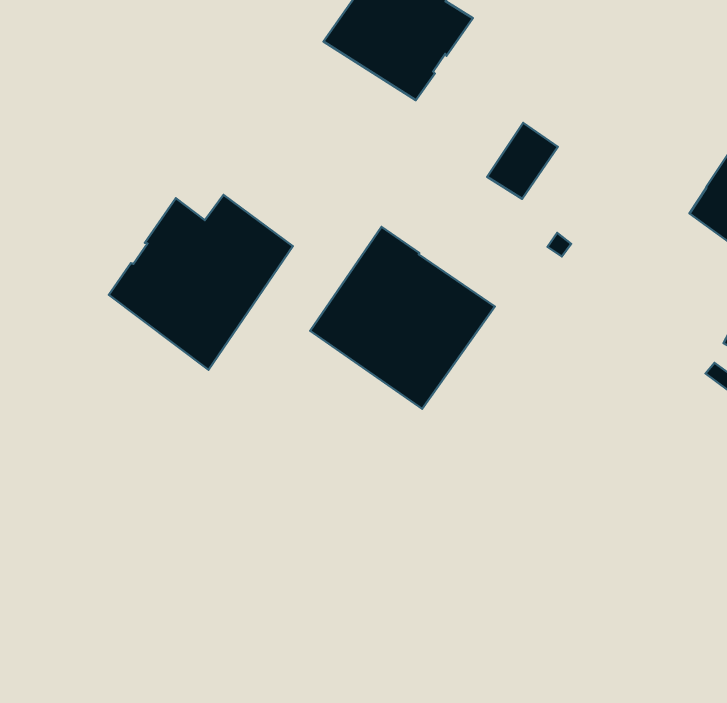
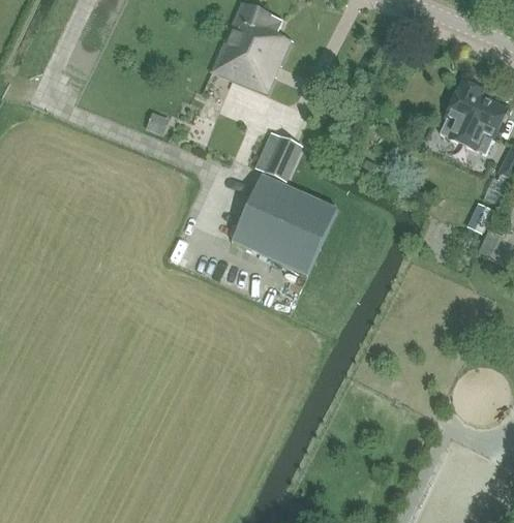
building: [487,123,558,199] -> [263,135,301,180]
building: [109,195,293,370] -> none

